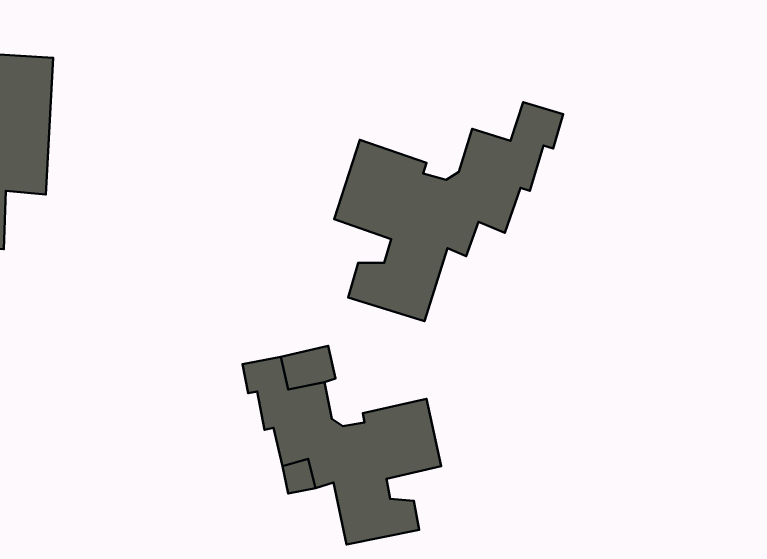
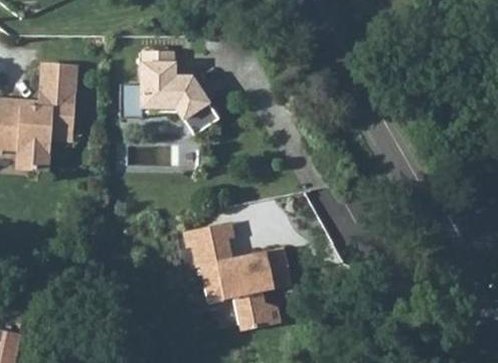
building: none -> [119,48,217,136]
building: [334,102,563,321] -> none

